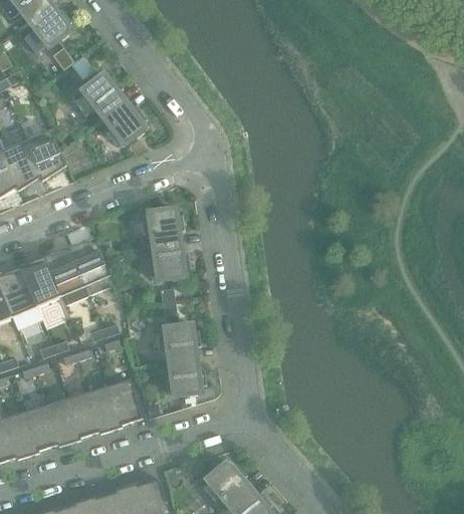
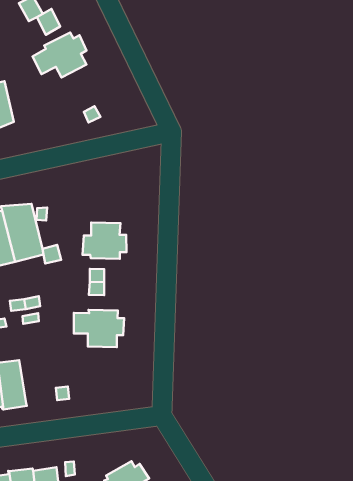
building: [100,101,144,145] -> none
building: [140,209,182,247] -> none
building: [165,358,204,396] -> none
building: [105,378,140,425] -> none

